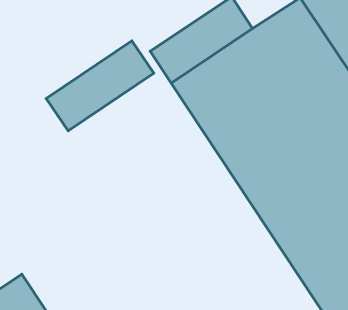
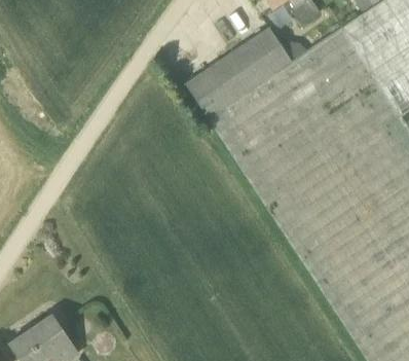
building: [46,41,154,131] -> none

